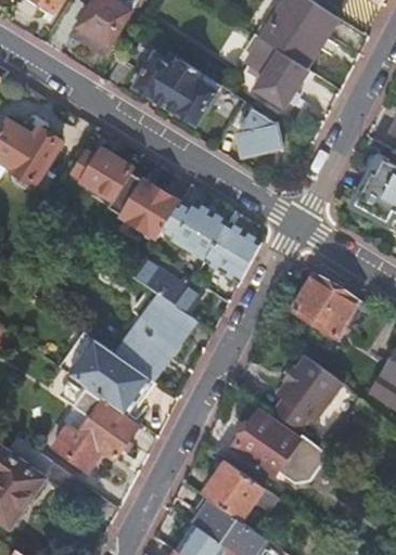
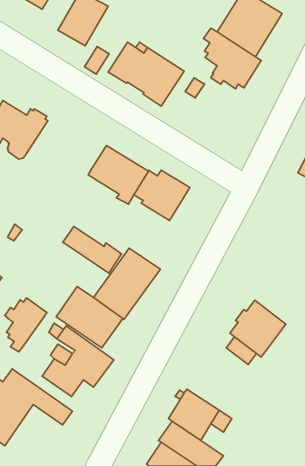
building: [235,106,281,155] -> none
building: [71,149,132,199] -> none
building: [204,222,259,282] -> none
building: [132,259,202,314] -> [63,226,122,273]
building: [290,274,358,338] -> none
building: none -> [5,298,47,352]
building: [231,410,328,482] -> none

